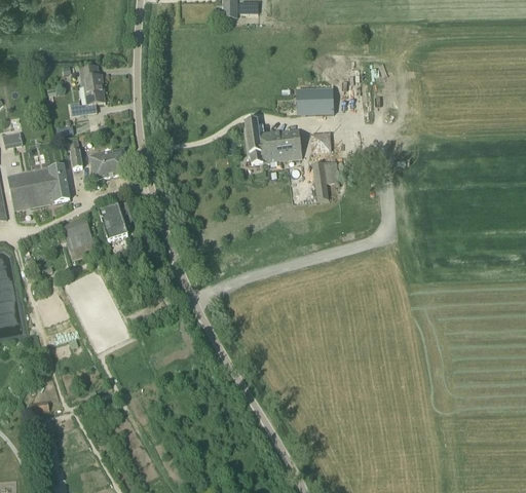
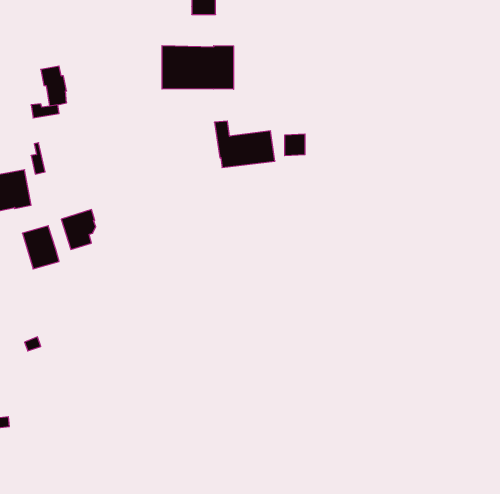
building: none -> [162,46,234,89]
building: [296,87,334,115] -> none
building: [89,147,128,178] -> none
building: [312,159,339,198] -> none

